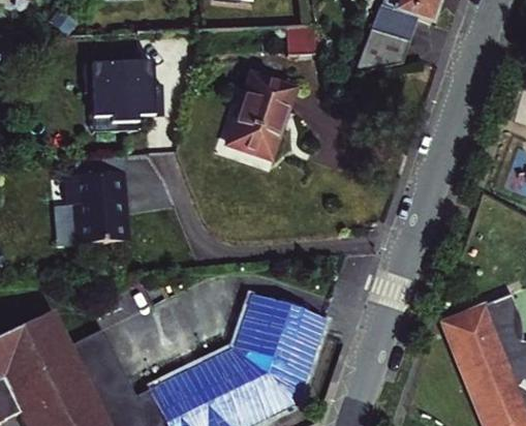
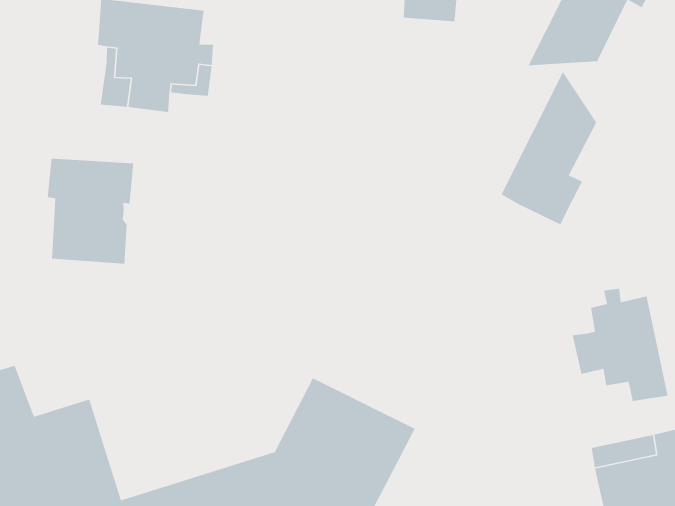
building: [225,68,293,153] -> none
building: none -> [500,70,597,225]
building: none -> [572,288,669,402]

